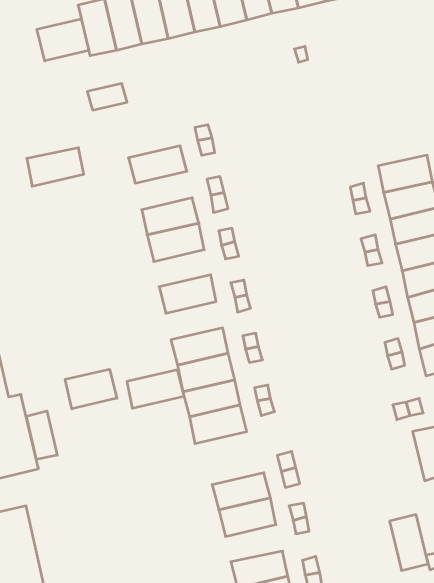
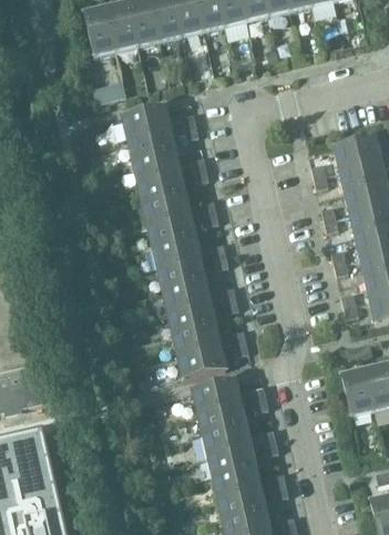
building: [37,19,89,61] -> none
building: [27,148,84,186] -> [123,109,171,141]
building: none -> [133,152,181,184]
building: none -> [149,217,196,248]
building: [65,369,117,409] -> none
building: [127,370,184,408] -> [158,260,206,292]
building: [26,411,57,460] -> none
building: none -> [193,381,240,413]
building: [390,515,428,570] -> [342,369,375,415]
building: none -> [208,446,256,477]

